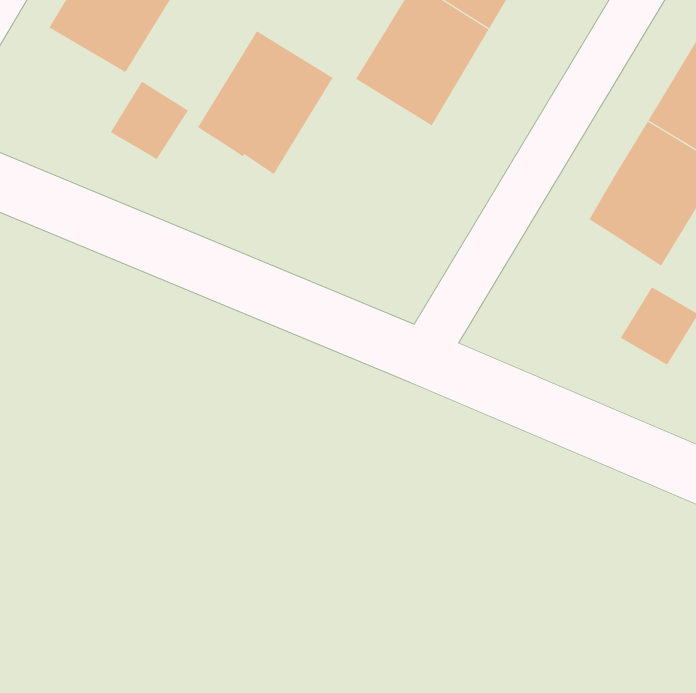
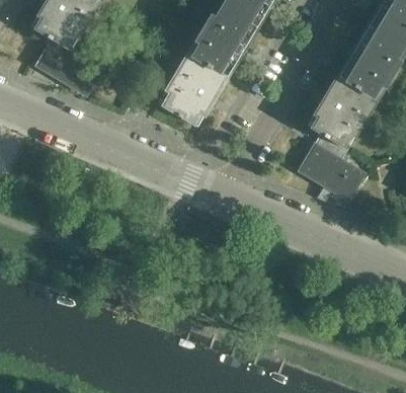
building: [197,30,333,175] -> [158,53,228,127]
building: none -> [38,40,79,80]
building: none -> [300,134,345,185]

